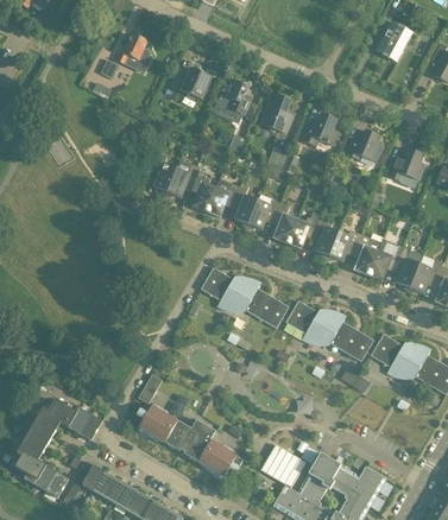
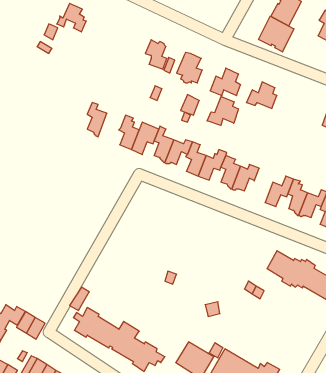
building: none -> [259,16,294,52]
building: [179,66,213,100] -> none
building: none -> [207,96,238,125]
building: [390,148,424,180] -> none
building: [166,163,201,197] -> none
building: [354,234,381,275] -> none
building: [201,267,289,328] -> none
building: [285,300,373,361] -> none

